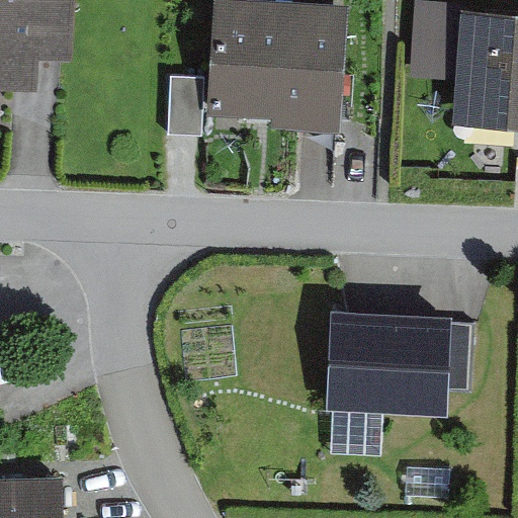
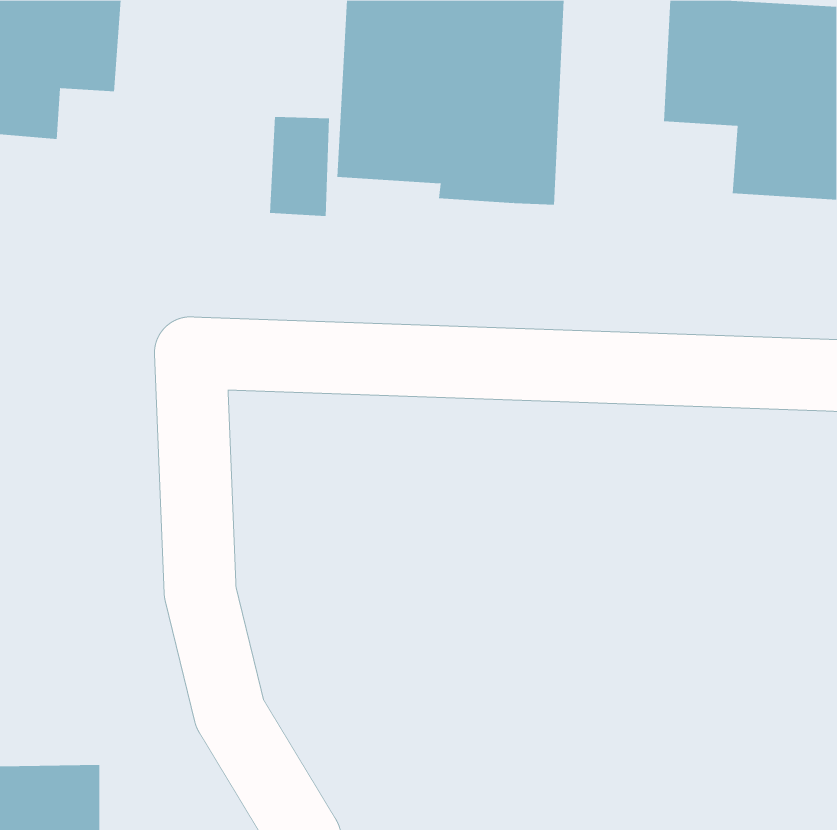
building: [327,309,476,416] -> none

